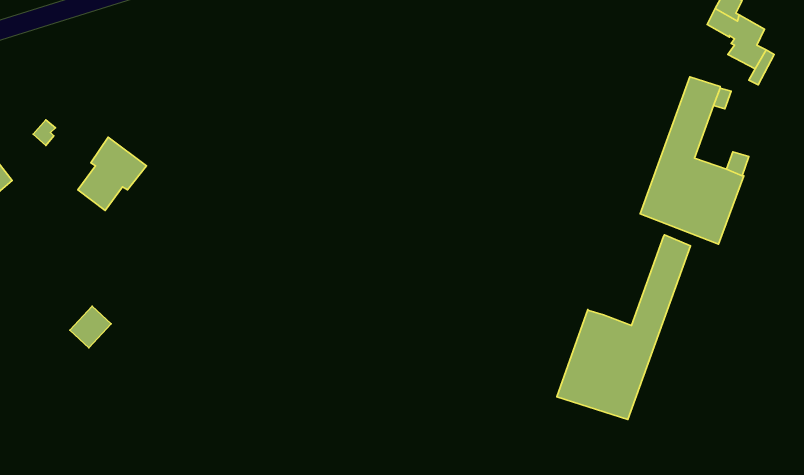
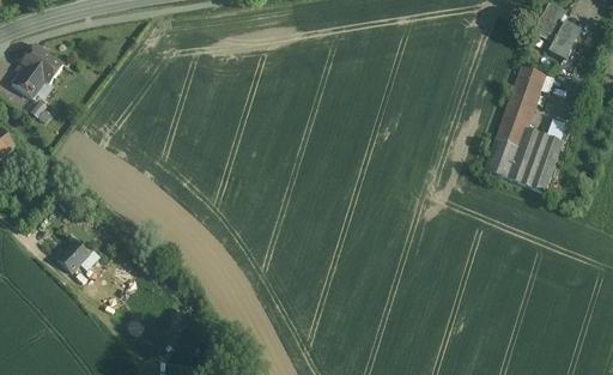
building: [78,137,146,211] -> [11,42,62,97]
building: [557,235,690,420] -> none

